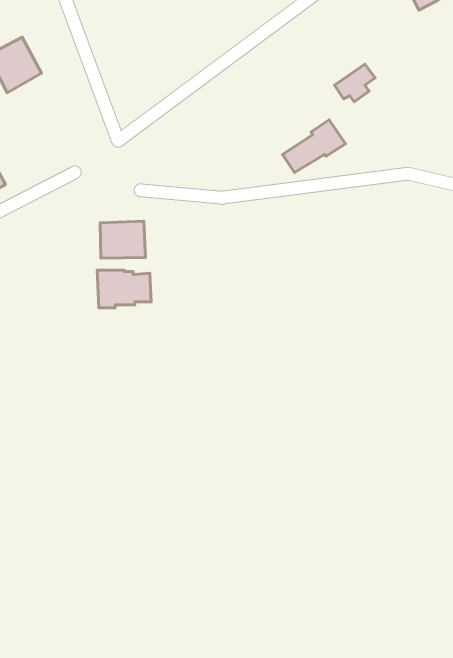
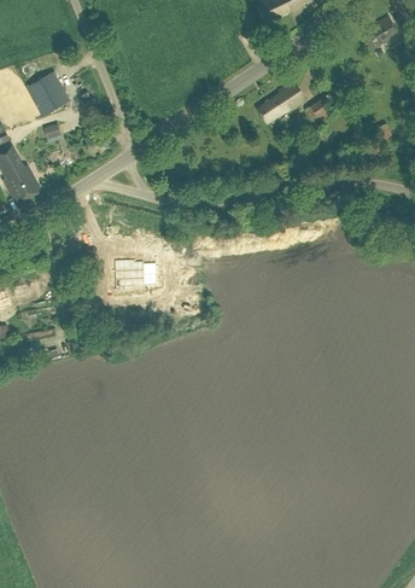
building: [282,120,346,173] -> [256,81,306,123]
building: [100,221,145,258] -> none

